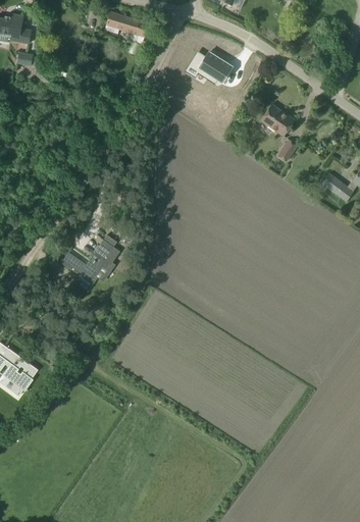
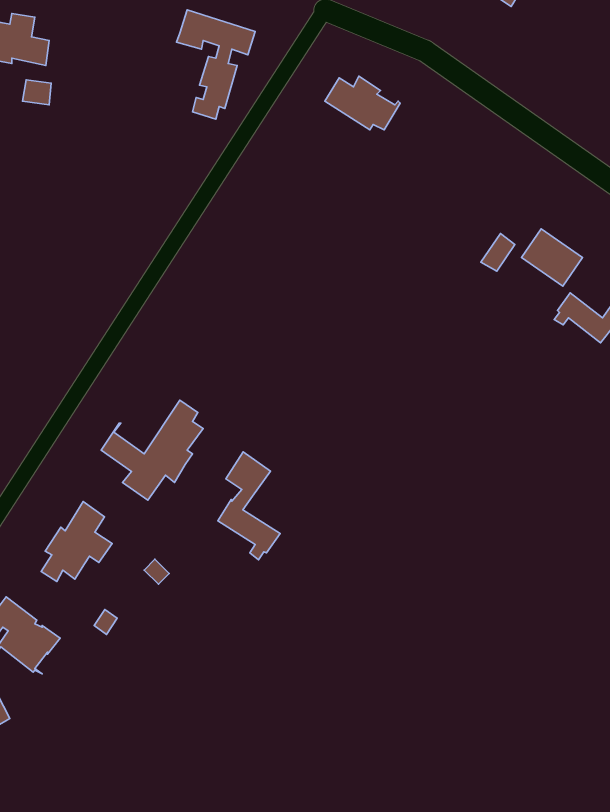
building: [260,103,295,136] -> [522,229,582,286]
building: none -> [218,452,280,560]
building: none -> [41,502,112,582]

